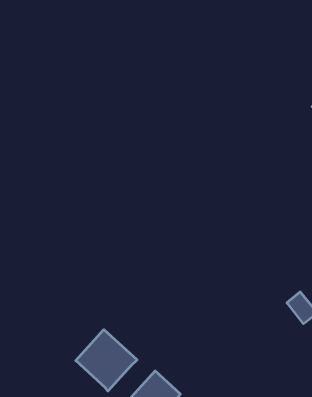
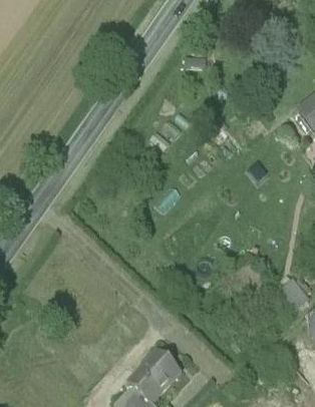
building: [76,330,137,391] -> none

